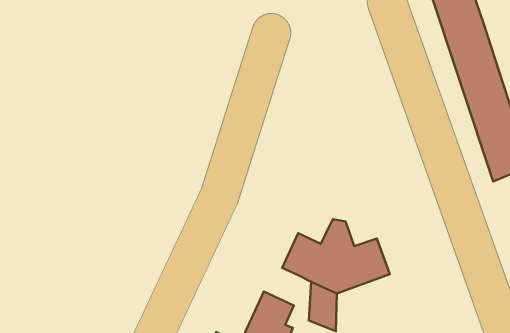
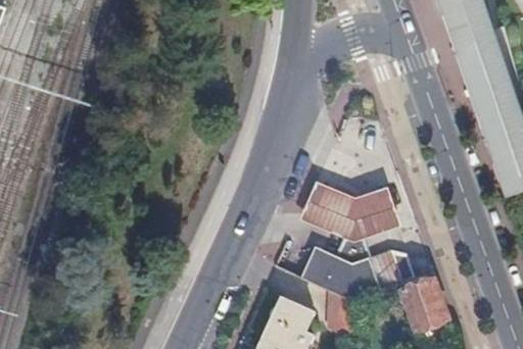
building: none -> [300,182,401,239]
building: none -> [402,278,450,331]

